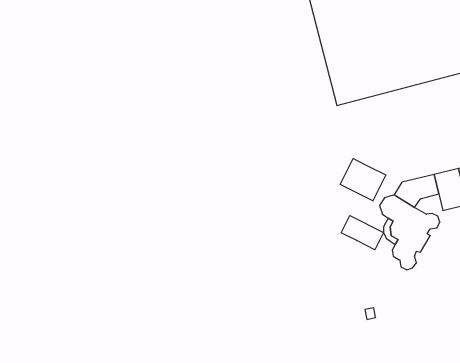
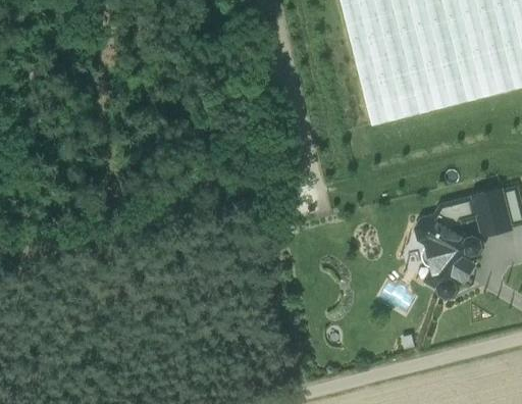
building: [340,159,386,201] -> none
building: [341,216,383,250] -> none

